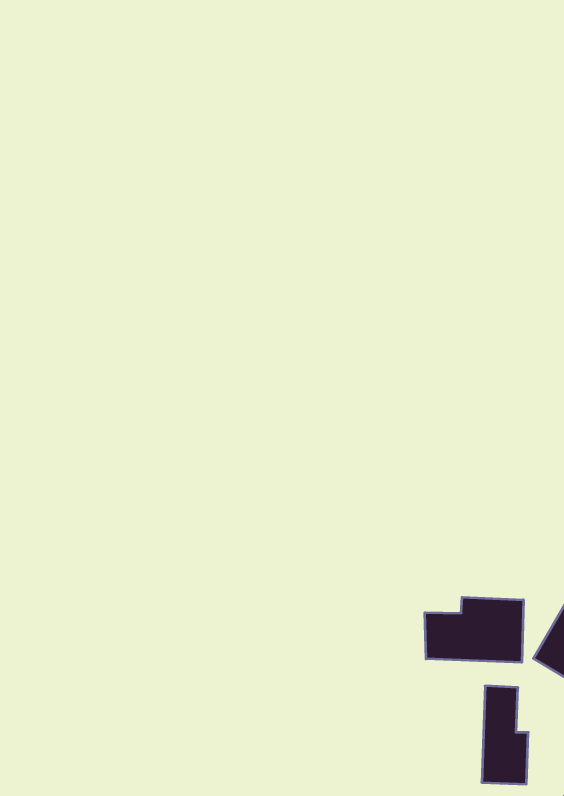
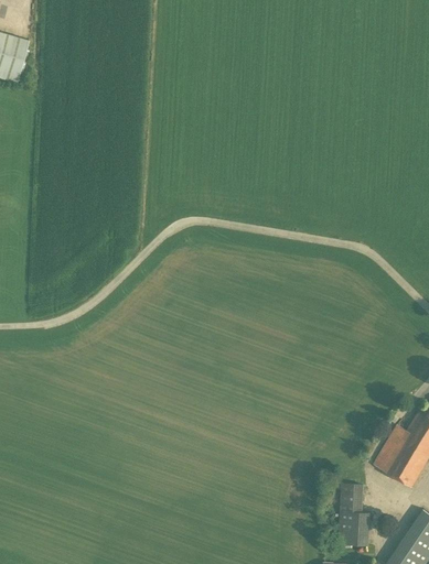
building: [425,597,523,662] -> none

